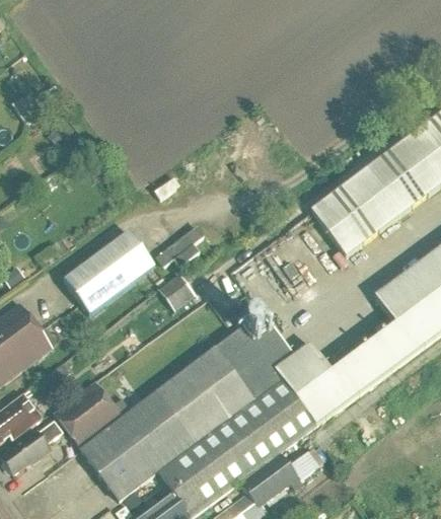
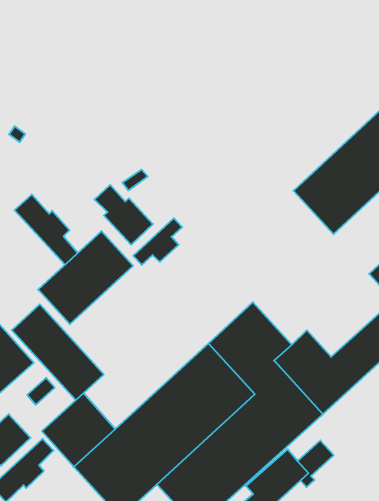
building: none -> [94,185,153,245]
building: none -> [15,194,78,265]
building: [157,274,194,311] -> none
building: none -> [12,304,104,400]

